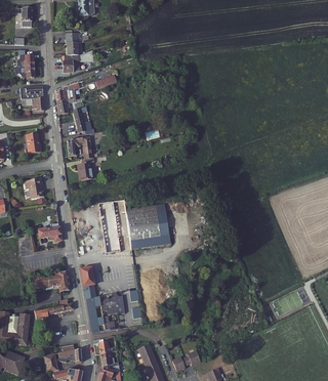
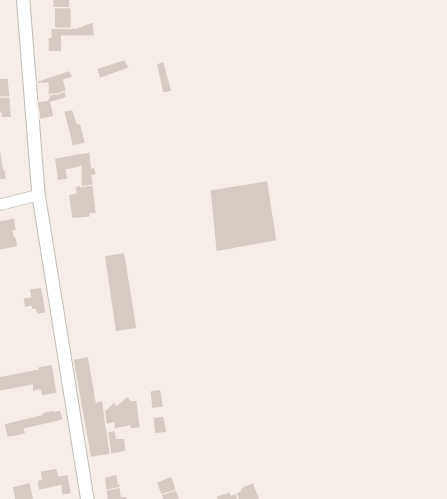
building: [130,203,174,249] -> [210,181,277,251]

